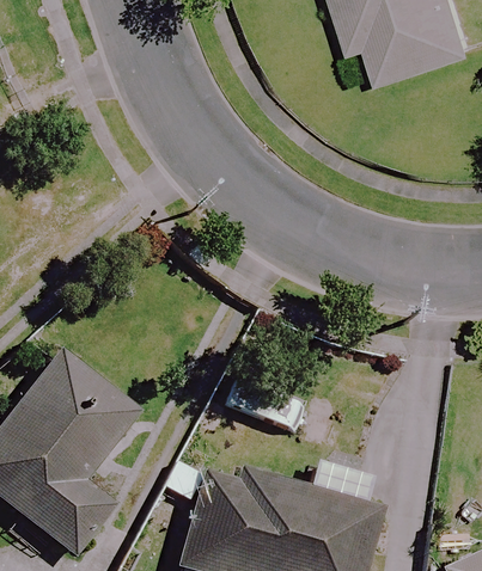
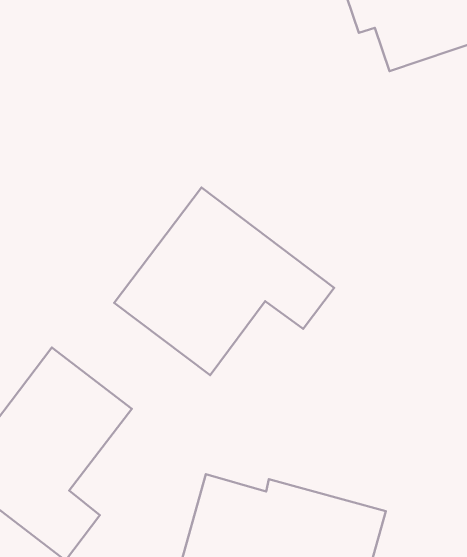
building: none -> [114,188,334,375]

